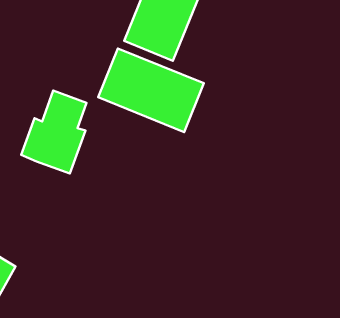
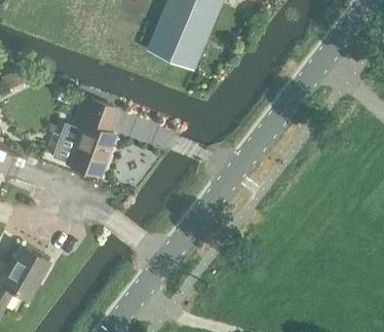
building: [98,48,204,132] -> none

